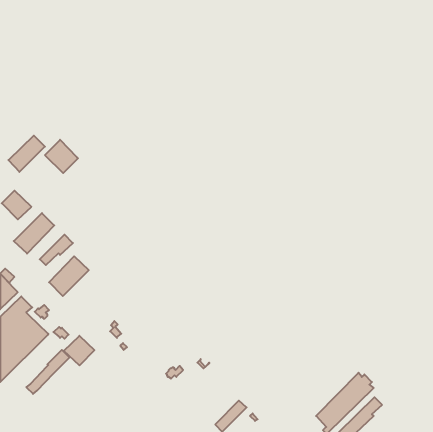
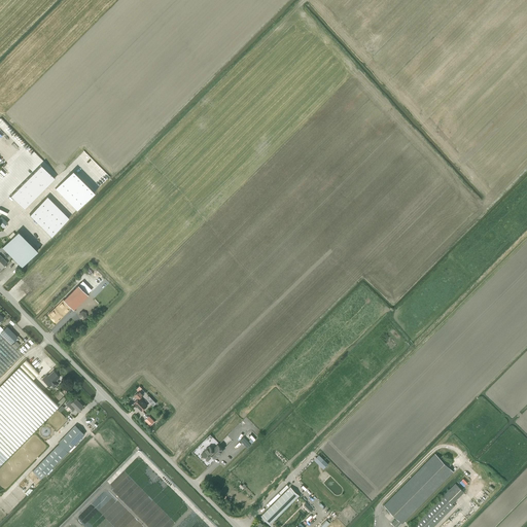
building: none -> [30,198,69,237]
building: [14,213,54,254] -> none
building: [49,256,89,296] -> none
building: [64,336,94,365] -> none

